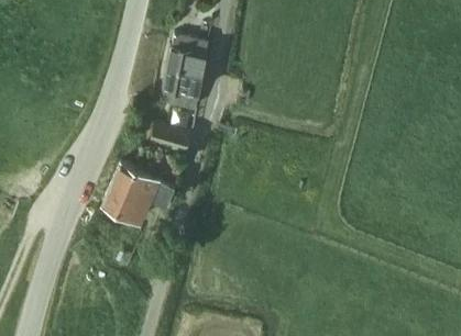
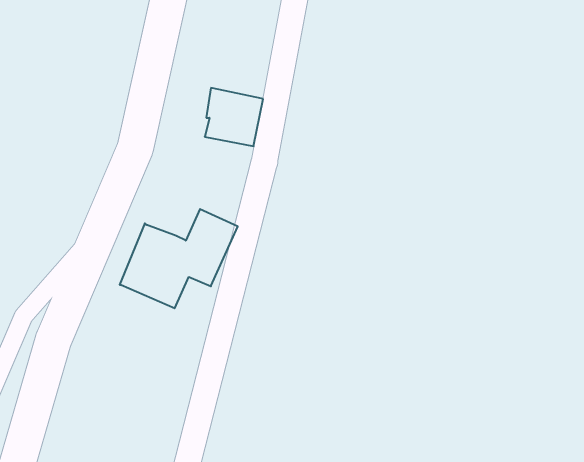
building: [166,35,209,75] -> none
building: [152,124,189,152] -> none

